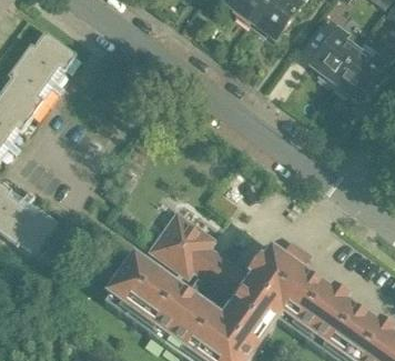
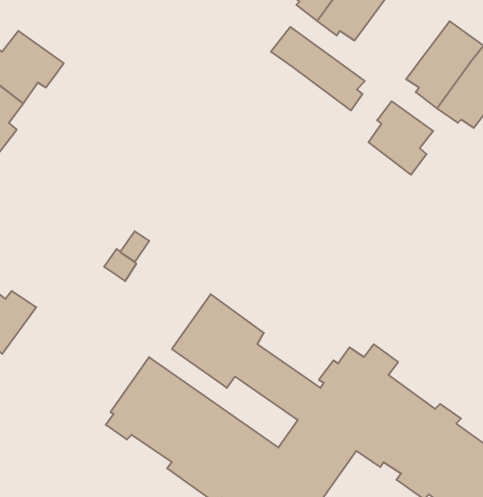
building: none -> [271,27,365,110]
building: none -> [368,101,433,175]

